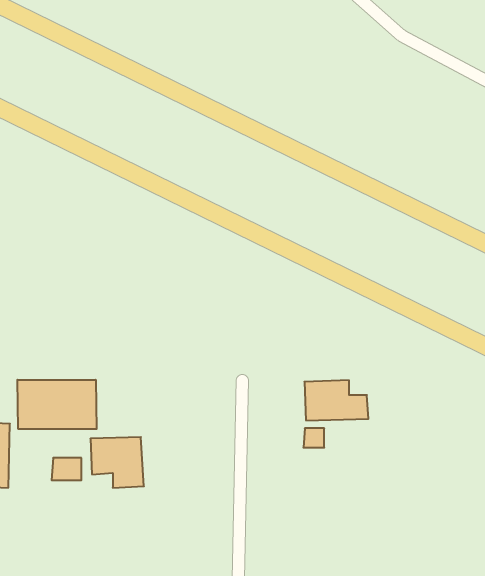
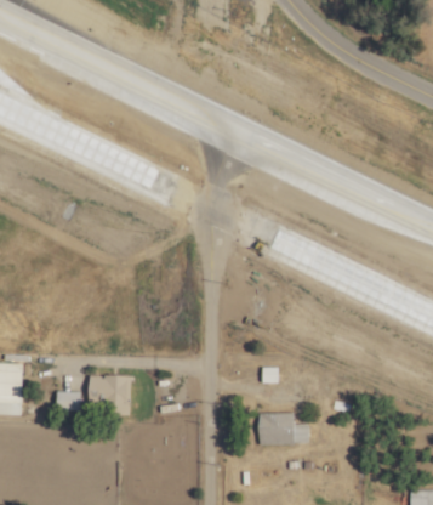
building: [17,380,97,429] -> none
building: [304,380,368,420] -> [257,412,309,444]

